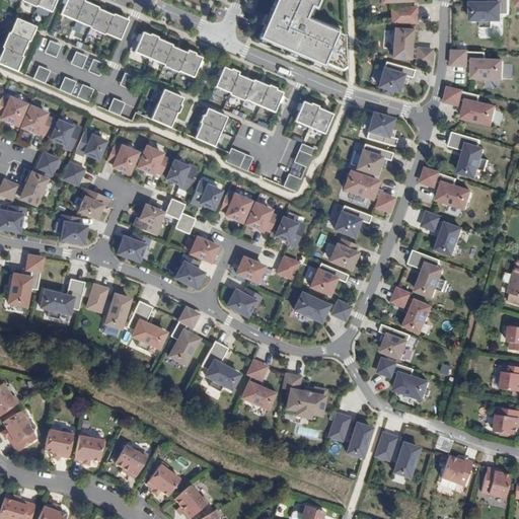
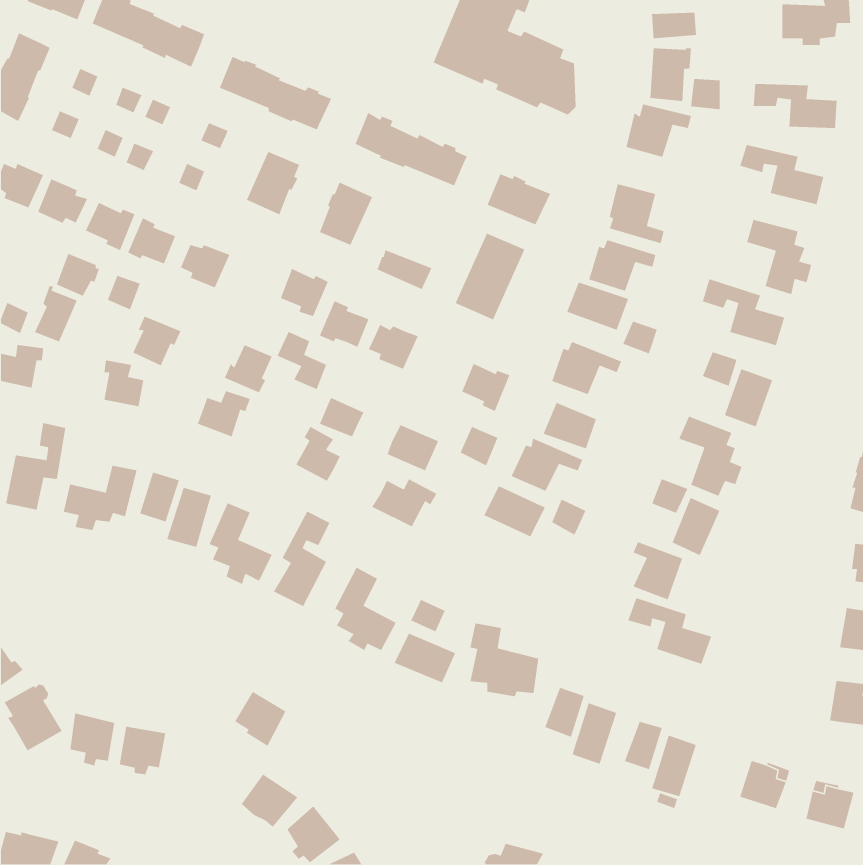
building: [140,147,170,173] -> none
building: [248,203,279,230] -> none
building: [114,443,145,476] -> [234,691,287,747]

